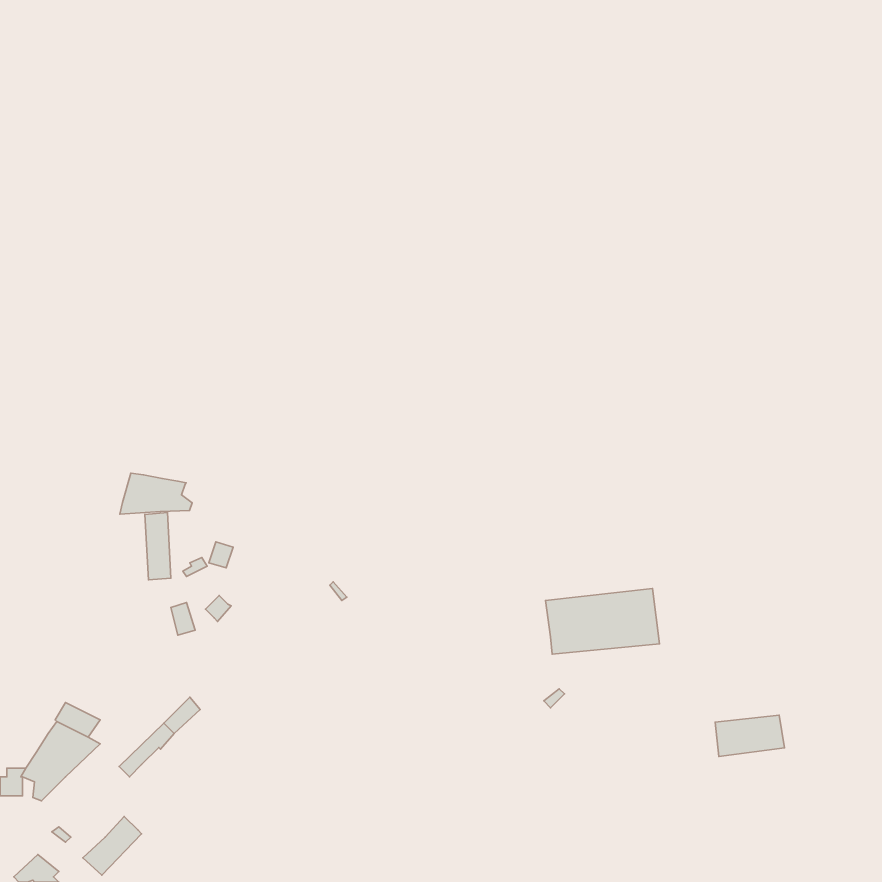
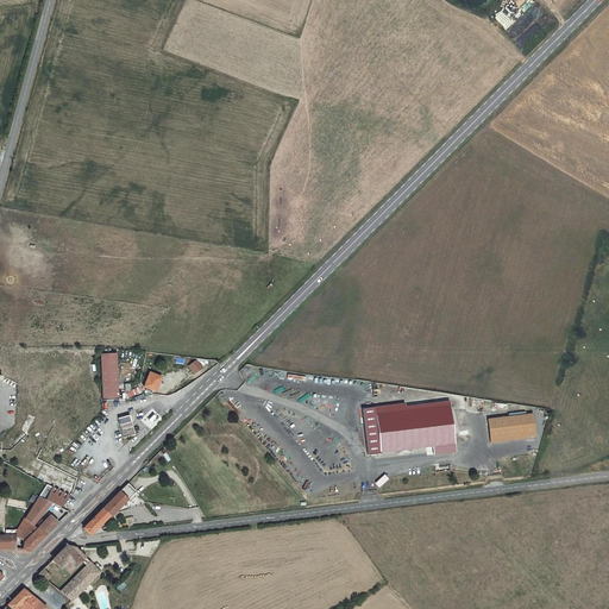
building: [120,473,192,514] -> none
building: [715,715,784,757] -> [488,414,535,442]
building: none -> [49,546,83,573]

